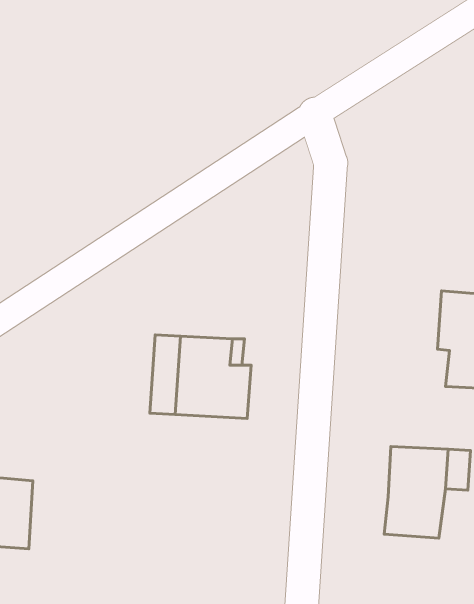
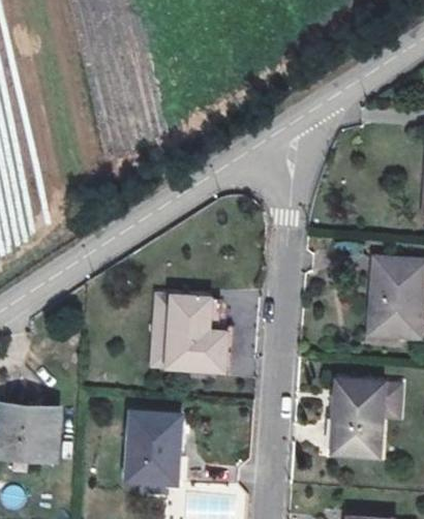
building: none -> [128,416,188,485]

